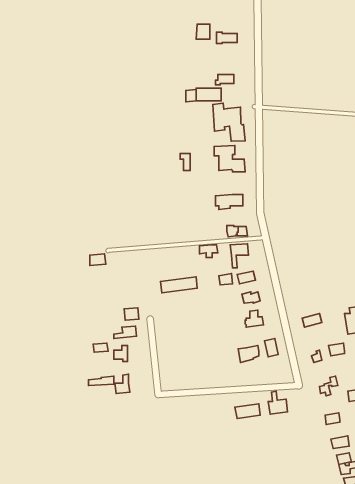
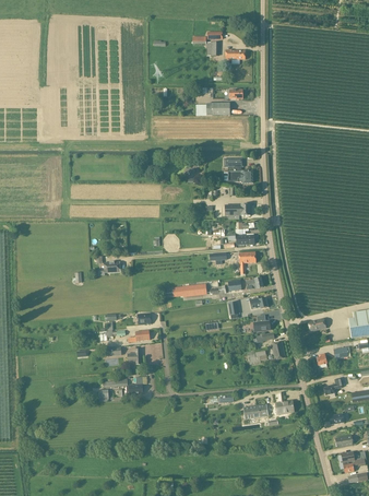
building: [213,103,245,141] -> none

